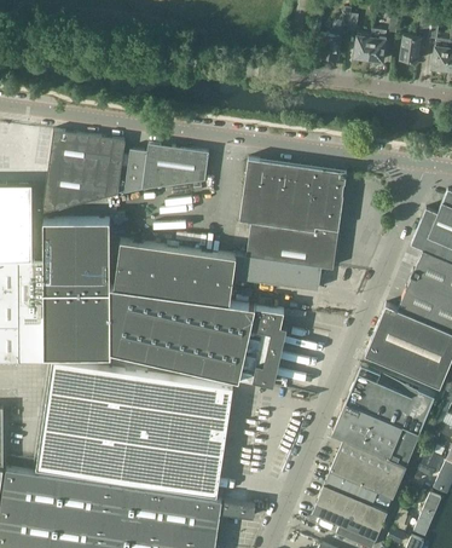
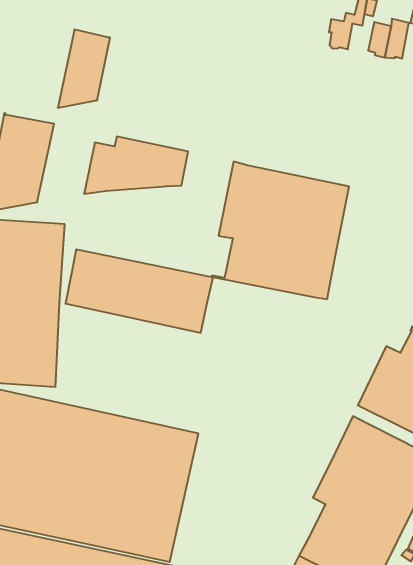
building: [86,137,126,203] -> [58,29,110,108]
building: [233,256,321,290] -> none
building: [110,287,289,387] -> none

